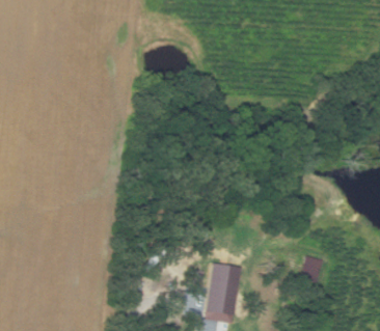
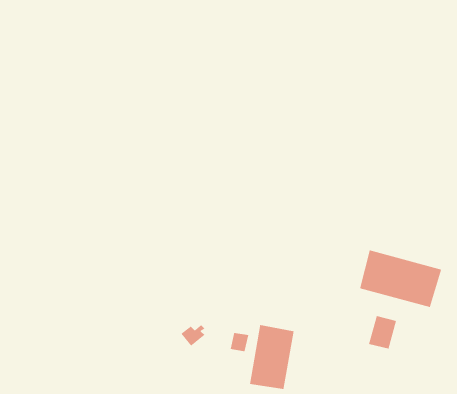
building: none -> [359,250,442,308]

